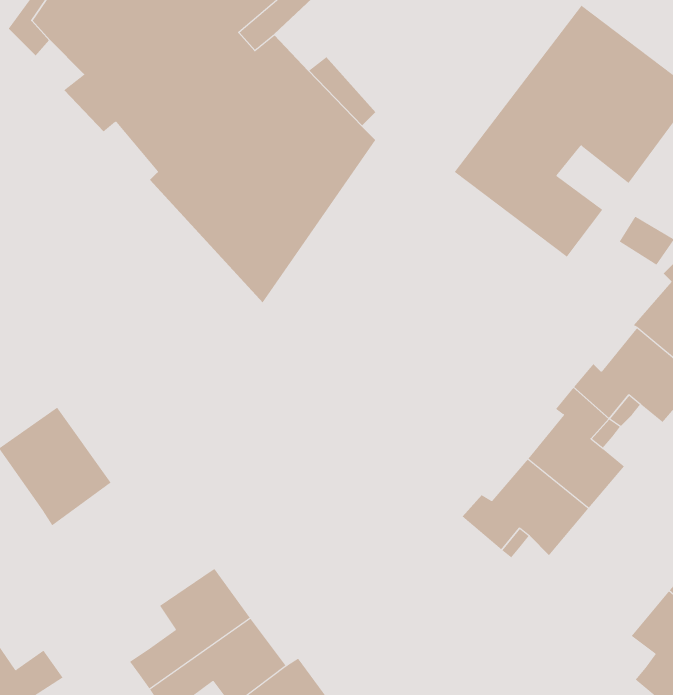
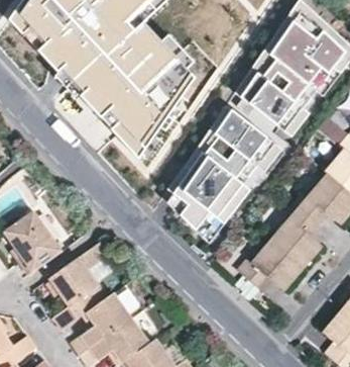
building: none -> [166,112,279,232]
building: none -> [49,258,108,331]

